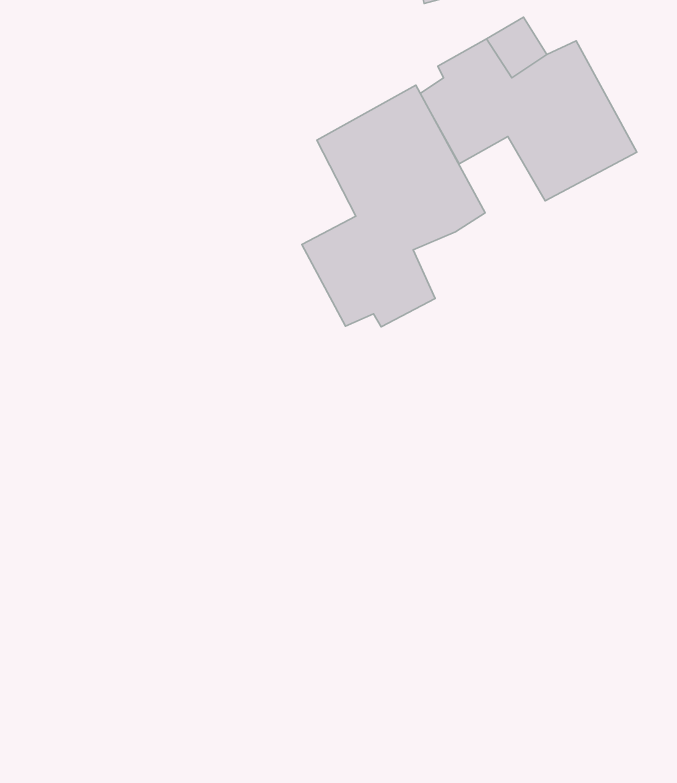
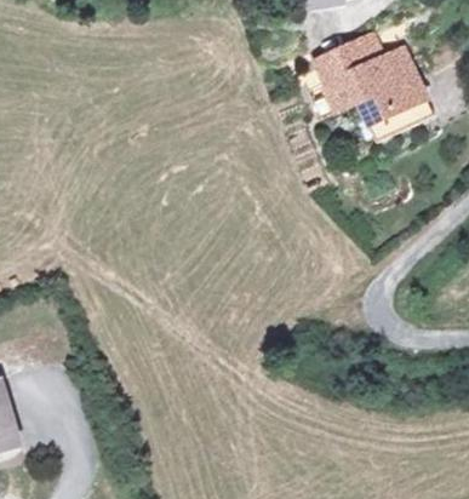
building: [302,85,485,327] -> none

